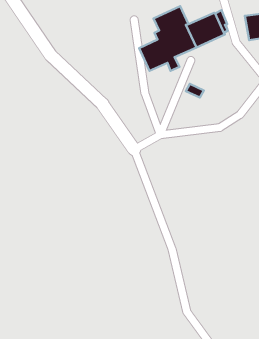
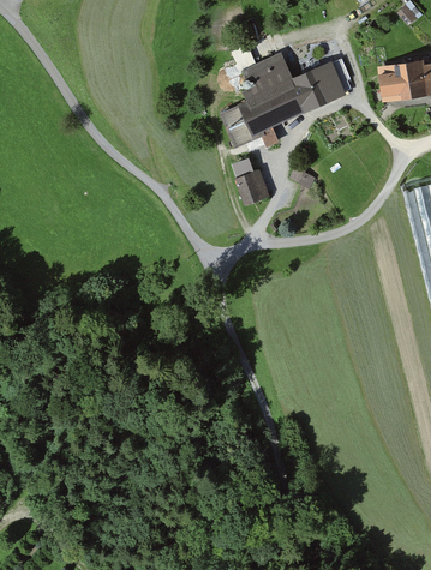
building: none -> [231,157,269,205]

